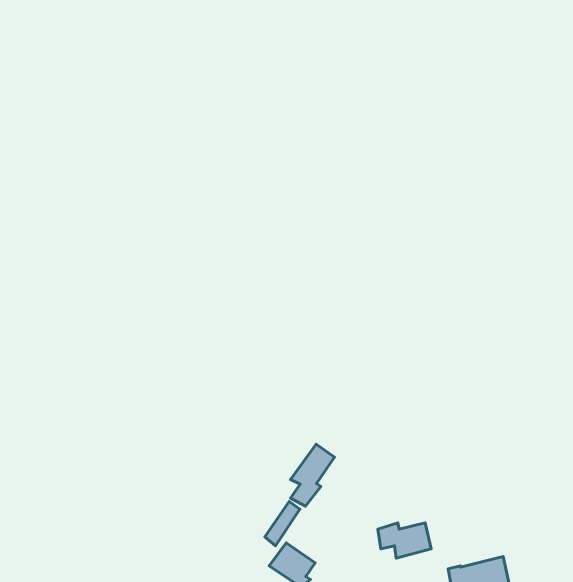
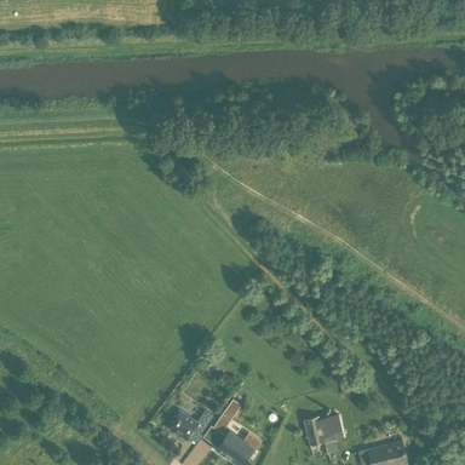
building: [291,444,335,506] -> none
building: none -> [167,409,213,441]

